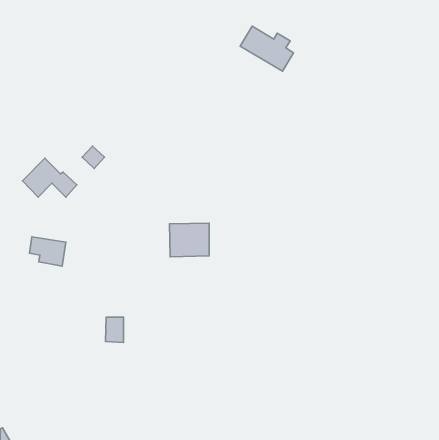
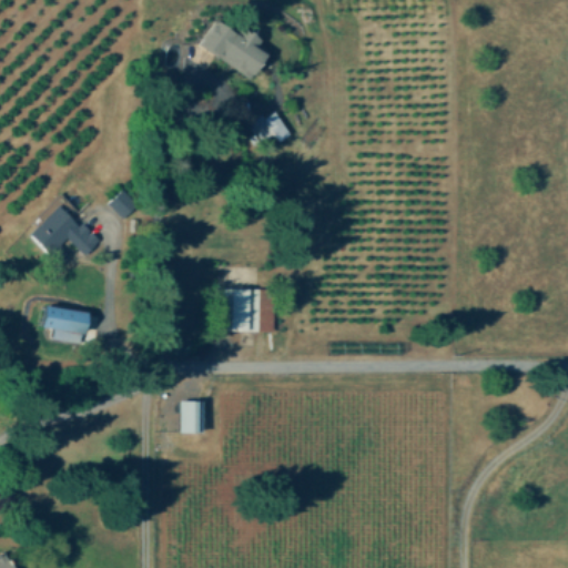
building: [240,26,294,71] -> [199,20,267,78]
building: none -> [250,110,290,142]
building: [105,317,123,342] -> [181,402,204,434]

